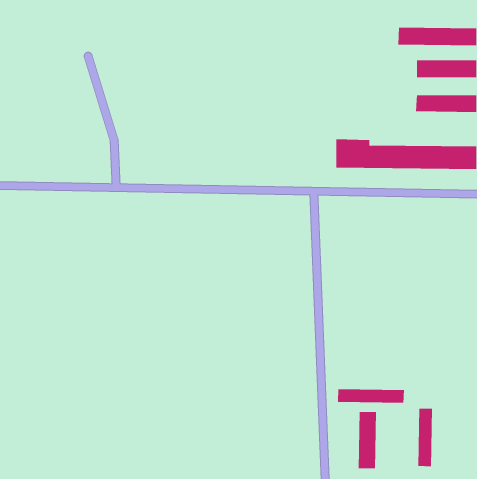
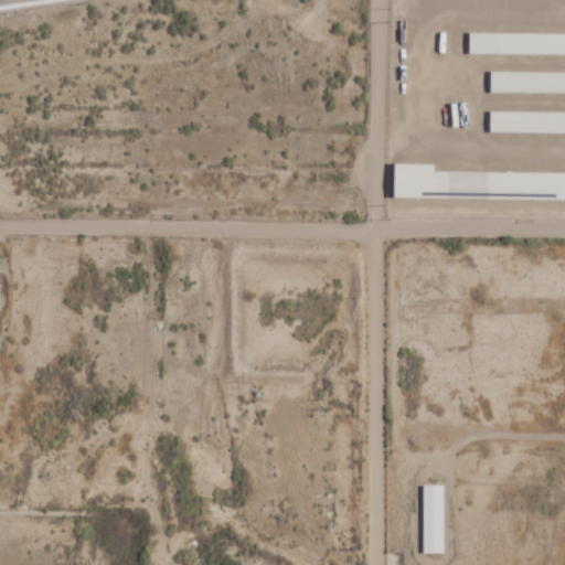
building: [337,388,405,404] -> none
building: [418,408,432,467] -> none

